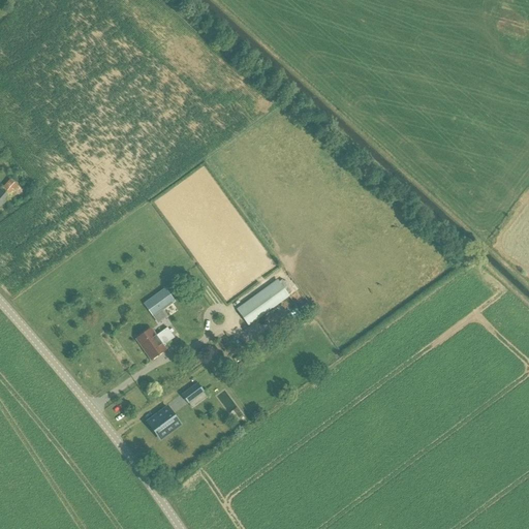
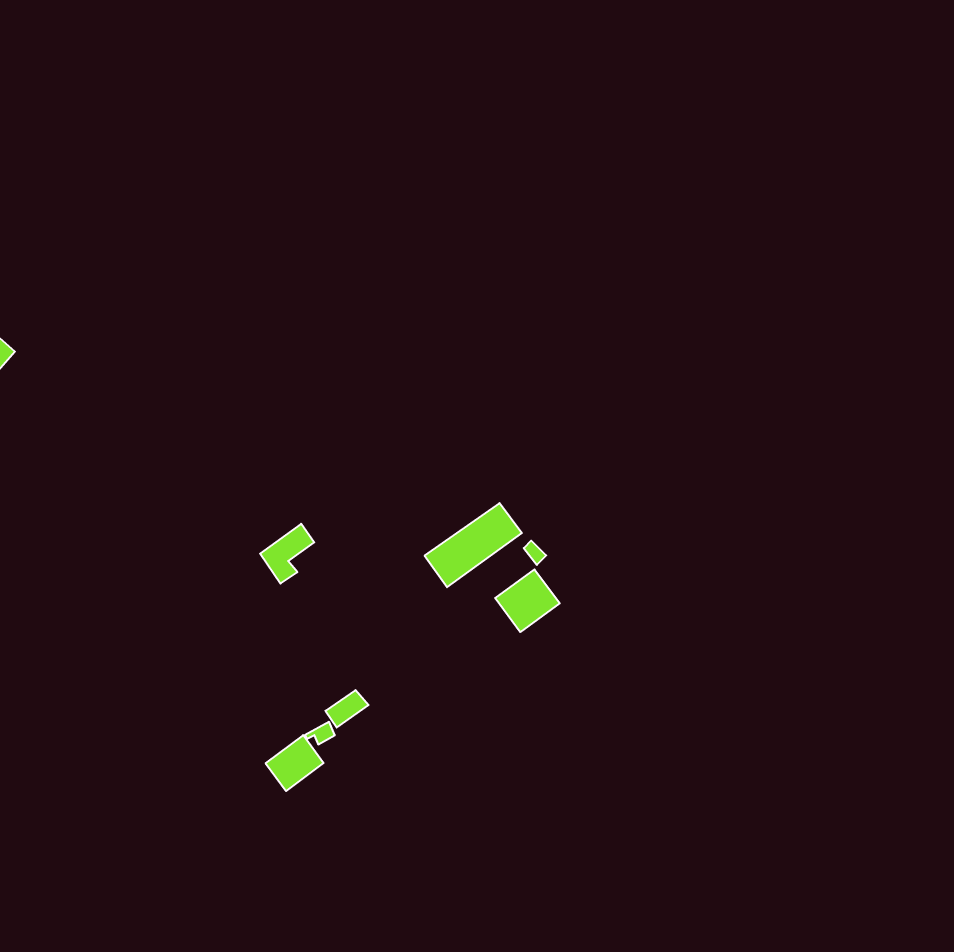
building: none -> [495,569,560,632]
building: [135,325,174,359] -> none

